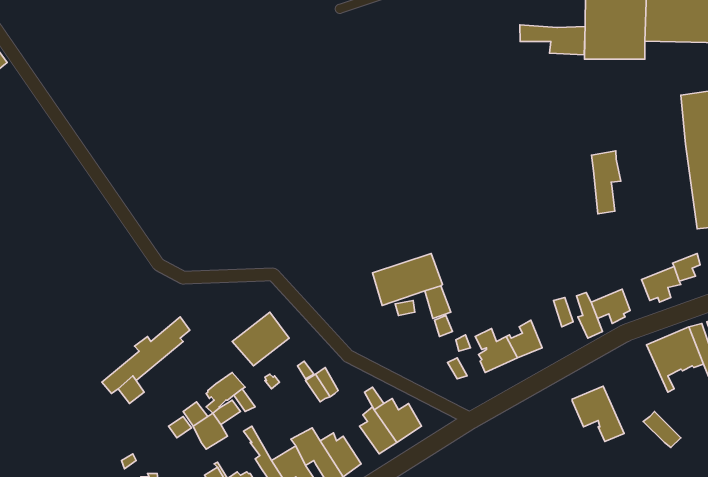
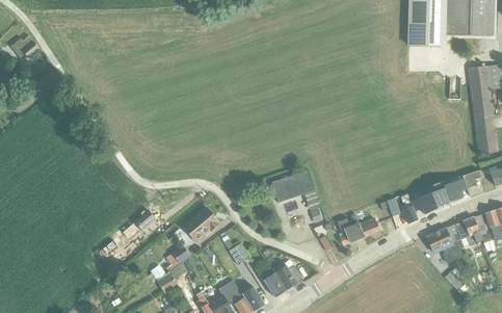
building: [520,25,585,55] -> none
building: [592,151,621,214] -> none
building: [572,386,624,442] -> [426,228,459,263]

